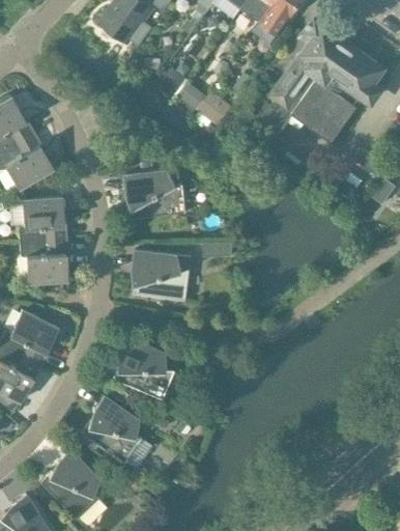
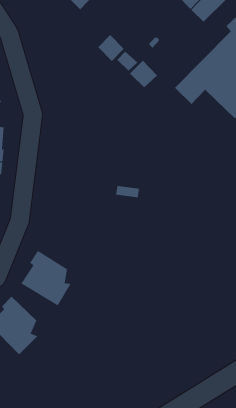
building: [126,170,188,218] -> none
building: [134,250,191,301] -> none

